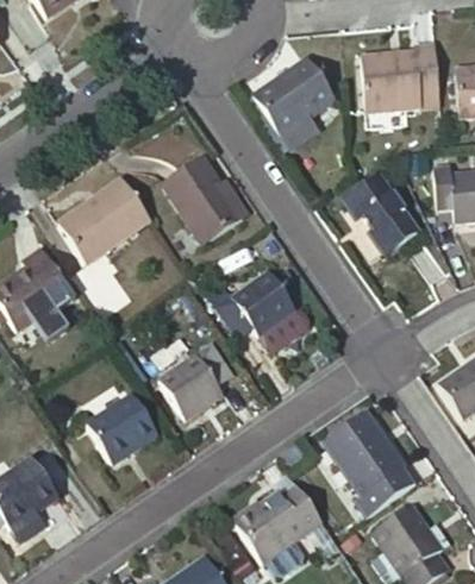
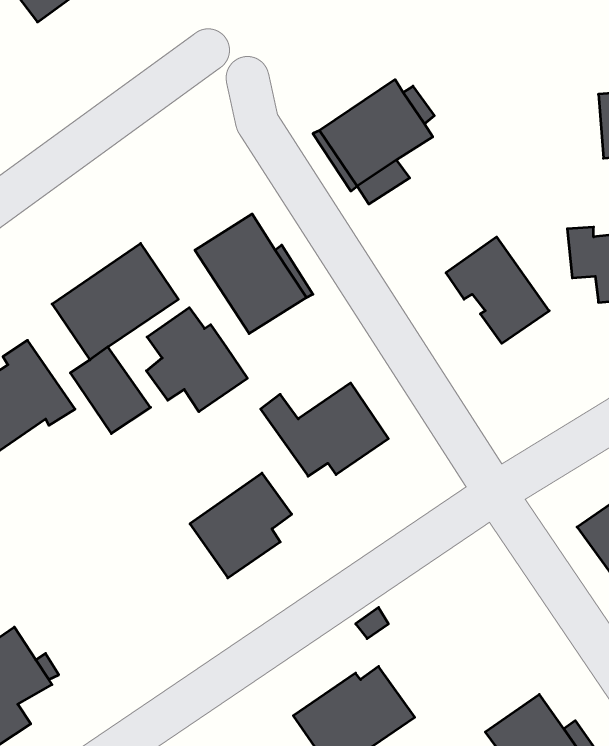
building: [361,43,439,111] -> none
building: none -> [146,308,247,412]
building: [83,391,156,463] -> none
building: [325,412,417,517] -> none

